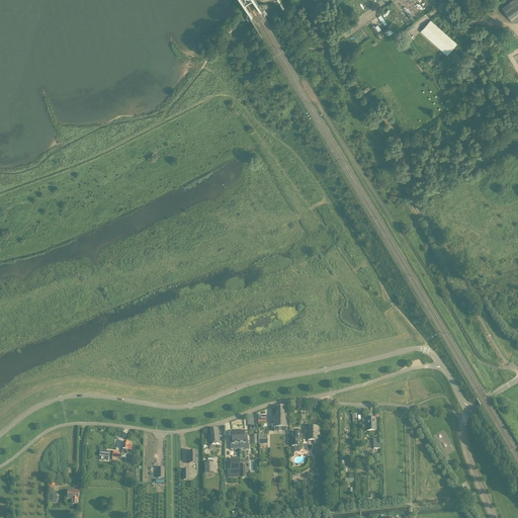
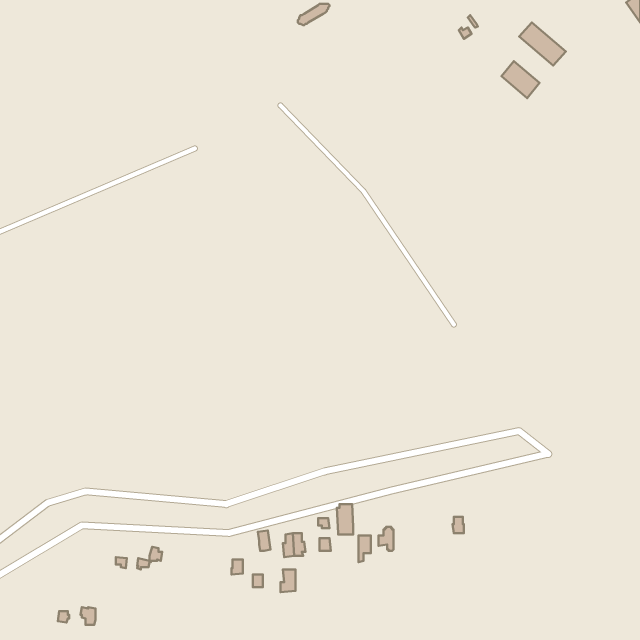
building: none -> [501,61,540,98]

